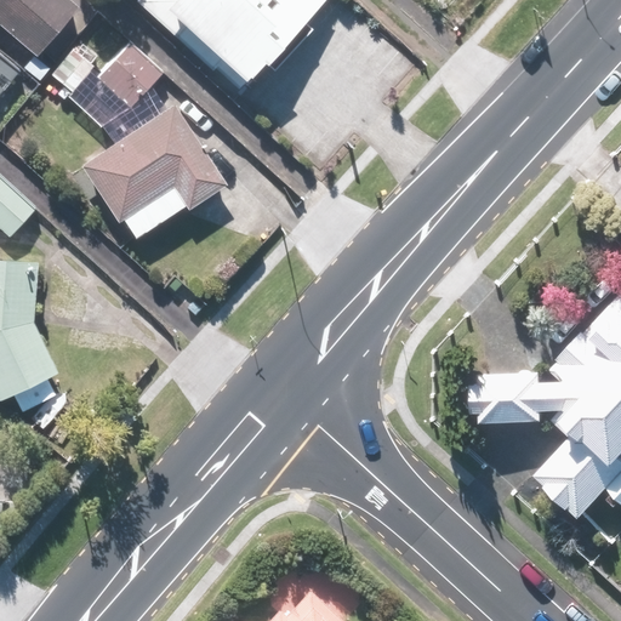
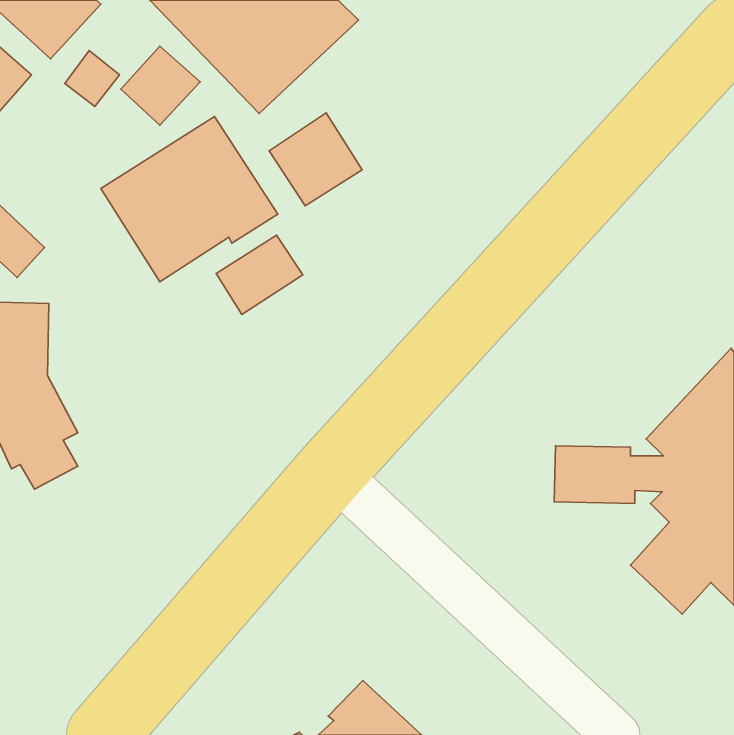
building: none -> [269,113,362,206]
building: none -> [216,235,303,315]

